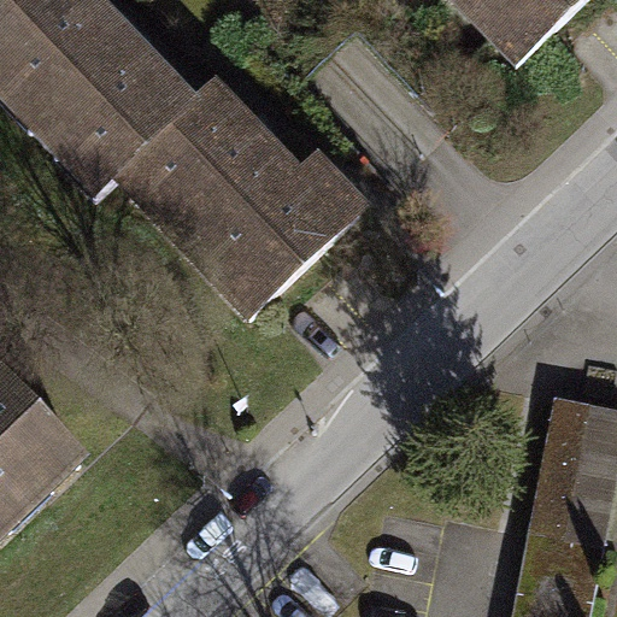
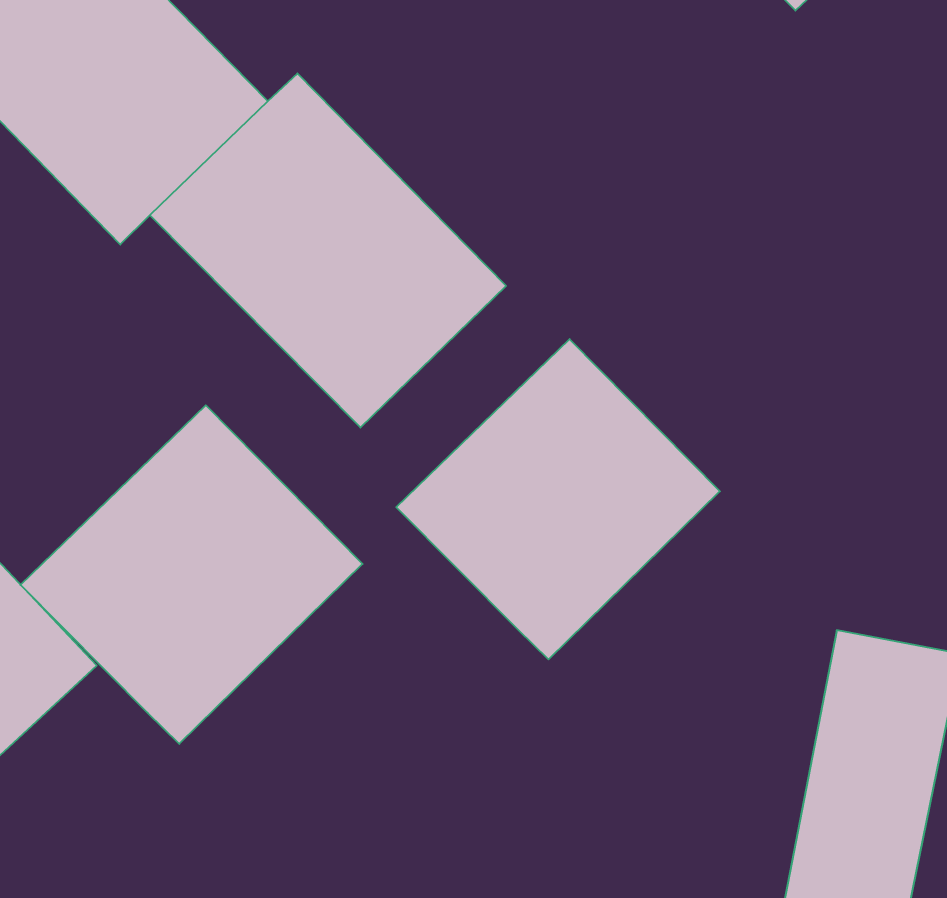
building: none -> [396,339,720,659]
building: none -> [20,405,363,744]

